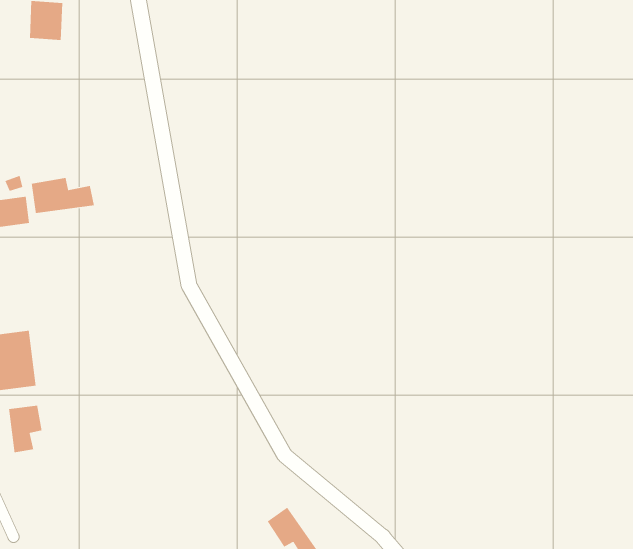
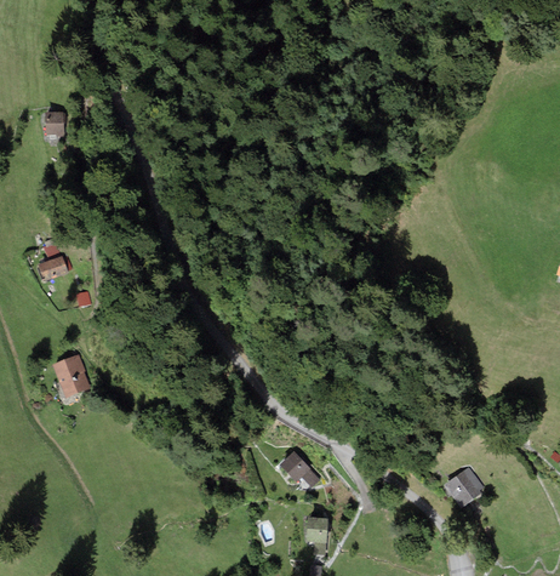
building: [31,177,94,214] -> none
building: [9,405,42,453] -> none

